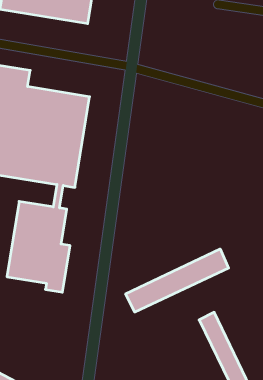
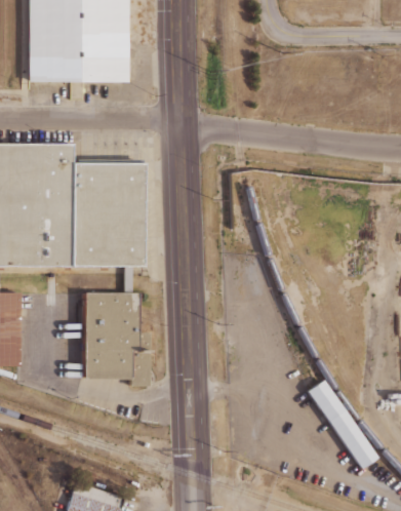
building: [126,249,229,312] -> none

